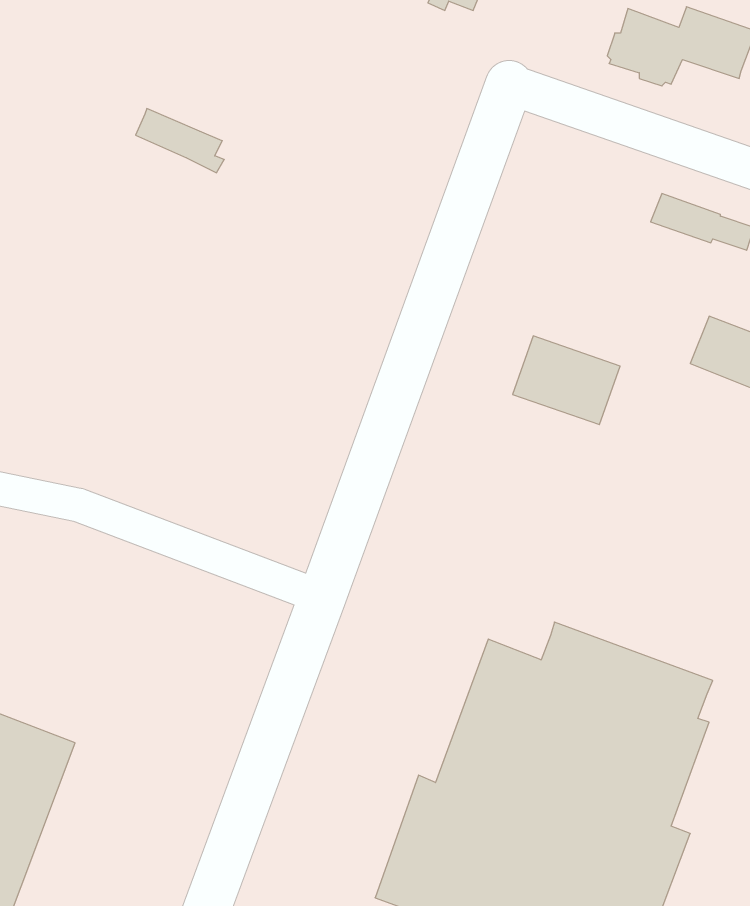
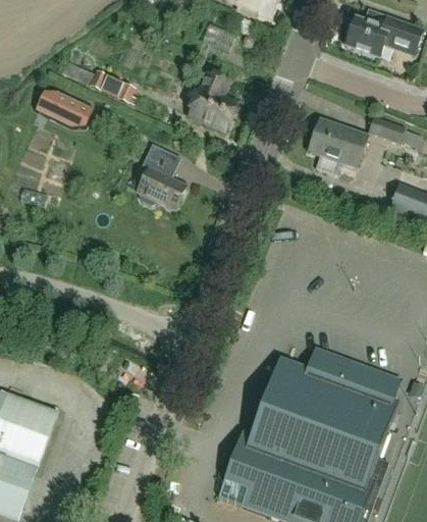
building: none -> [189,72,234,128]
building: none -> [35,90,93,126]
building: none -> [137,143,185,209]
building: [513,336,620,425] -> [309,118,367,166]

